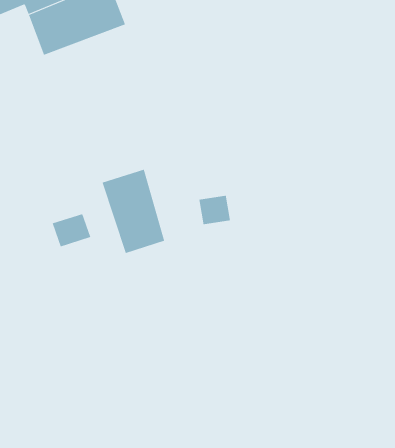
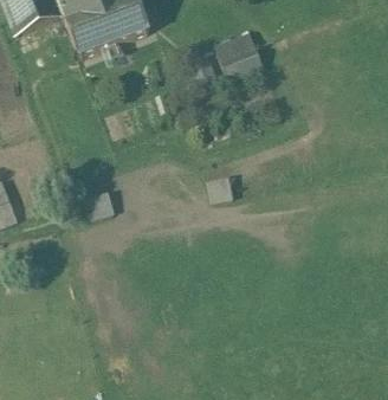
building: none -> [214,27,263,75]
building: [102,169,165,254] -> none

